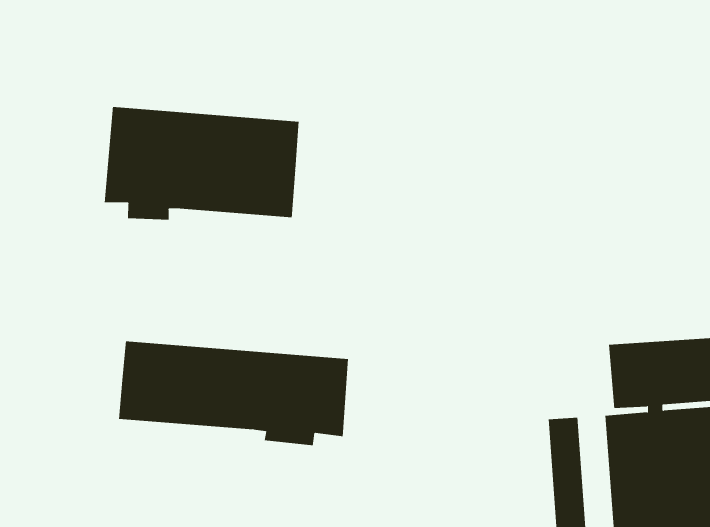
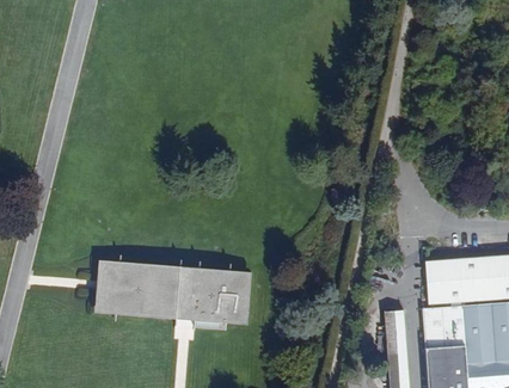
building: [104,106,299,220] -> none

